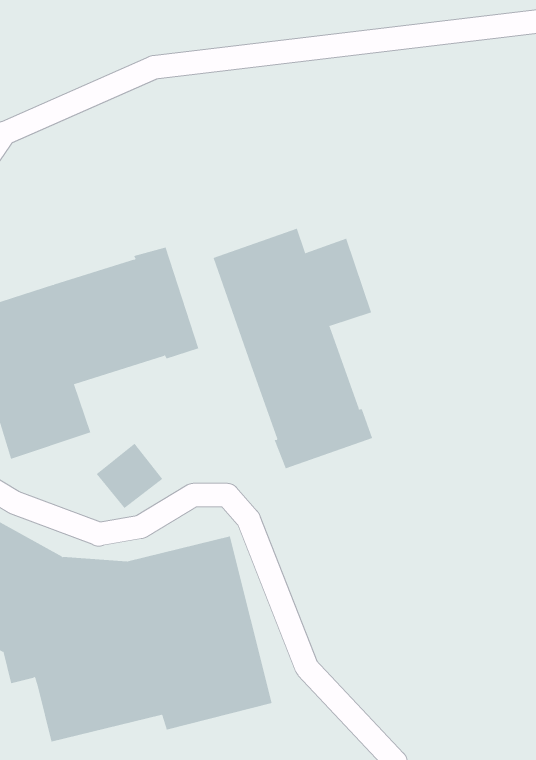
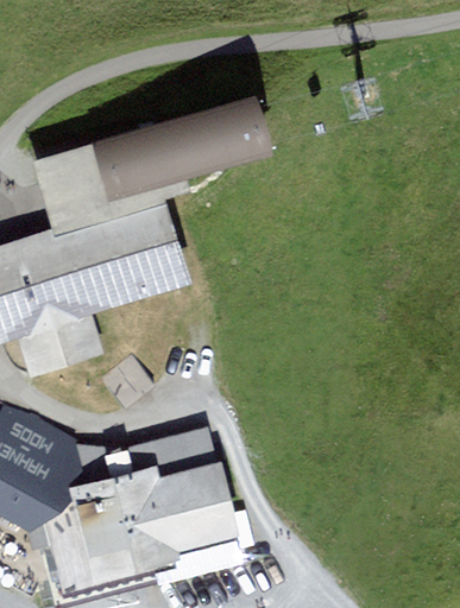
building: none -> [45,95,269,229]
building: [213,228,373,469] -> none

